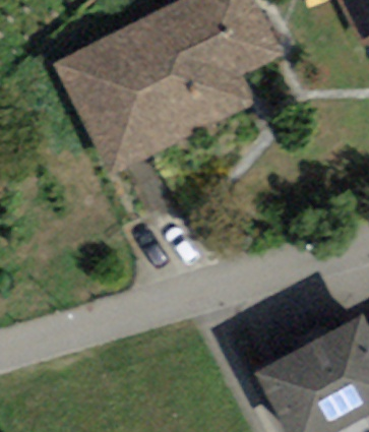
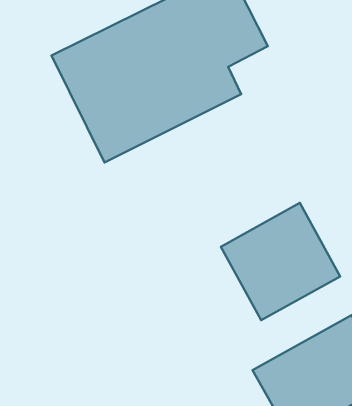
building: none -> [221,203,340,320]

